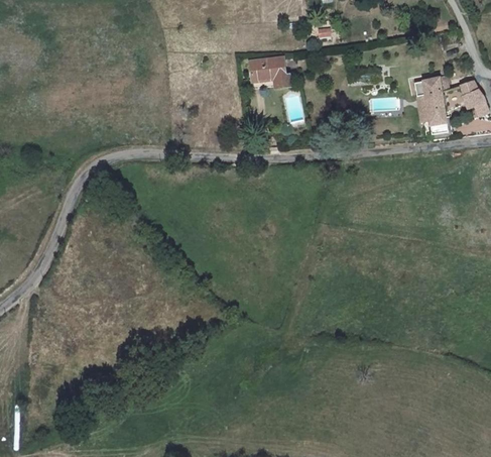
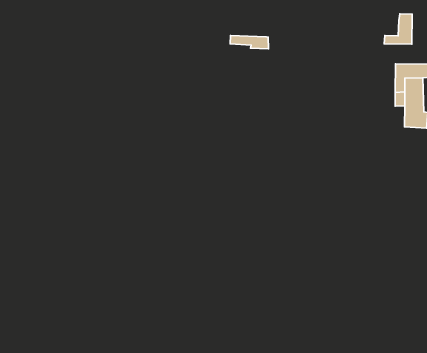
building: none -> [384,14,412,44]
building: [250,55,286,78] -> none

